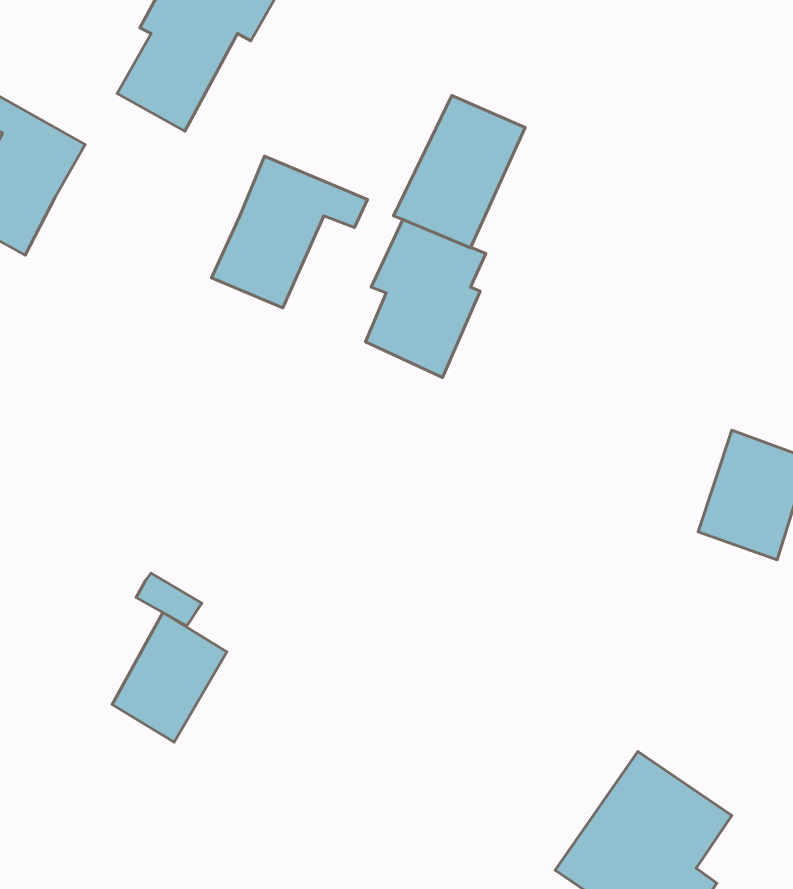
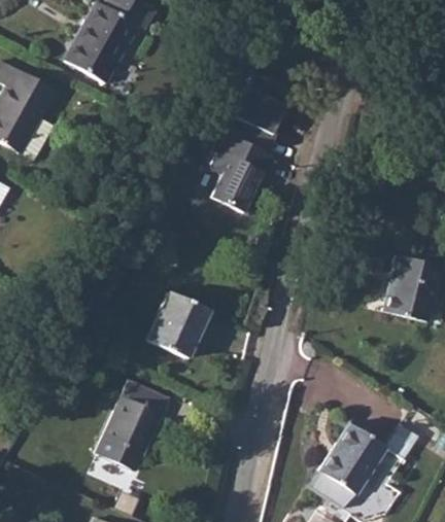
building: [212,156,368,308] -> none
building: none -> [157,281,224,351]
building: [112,612,227,742] -> [98,386,161,457]

